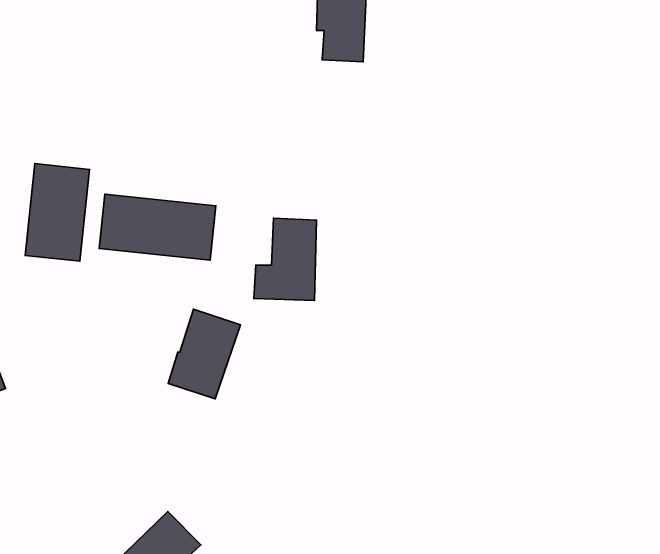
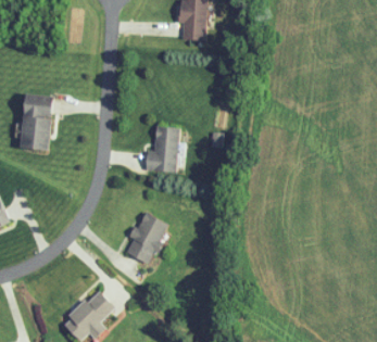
building: [99,194,216,260] -> none
building: [168,309,241,399] -> [126,213,166,263]

